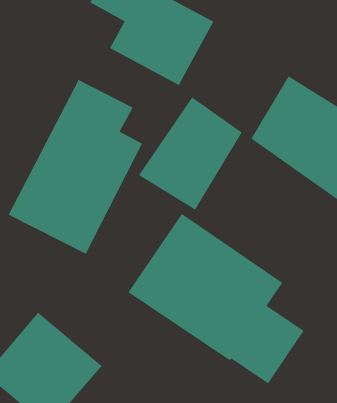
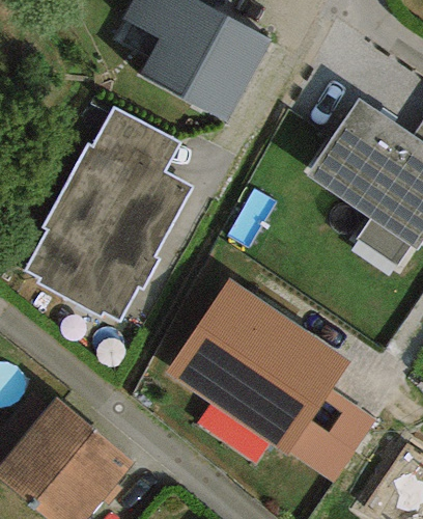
building: [138,96,242,211] -> none

